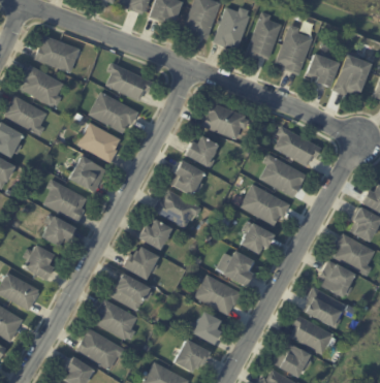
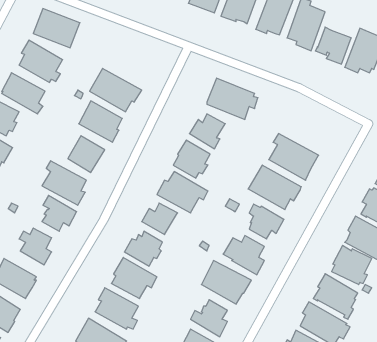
building: [107,63,153,100] -> none
building: [275,126,323,167] -> none

